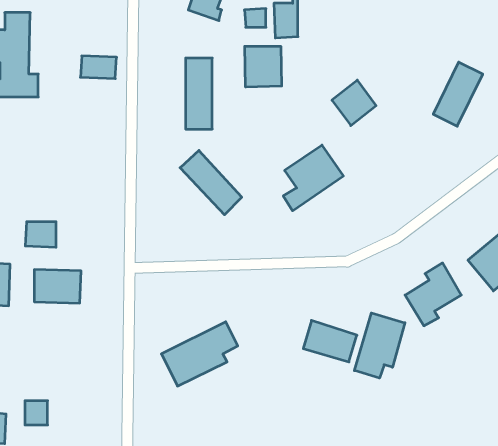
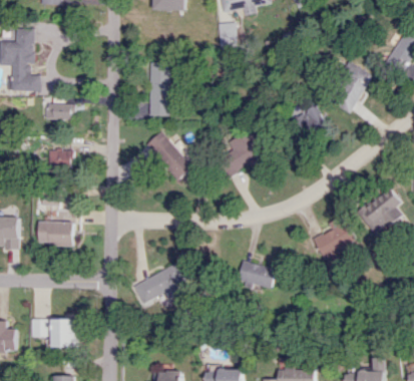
building: [245,46,282,87] -> none
building: [80,56,117,79] -> [45,103,72,120]
building: [332,80,376,126] -> [295,104,328,138]
building: [25,222,56,247] -> [46,150,69,169]
building: [354,313,405,378] -> none
building: none -> [49,319,74,347]

